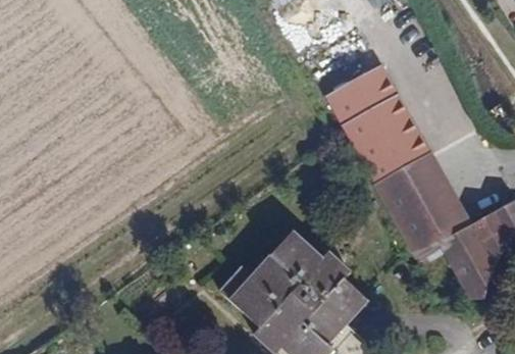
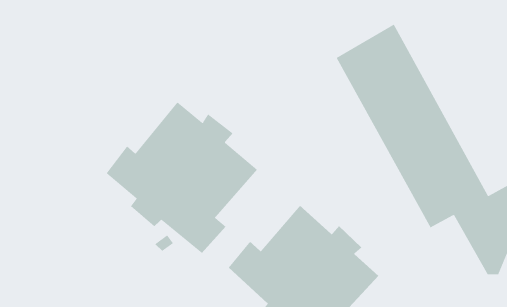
building: none -> [106,102,258,254]

